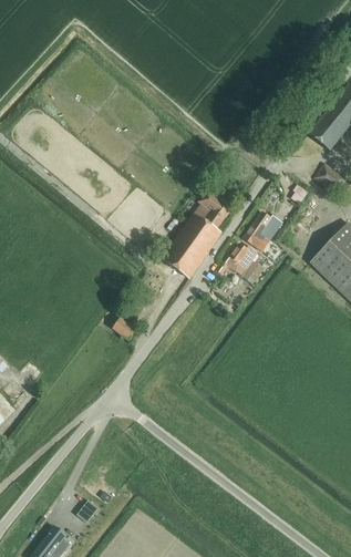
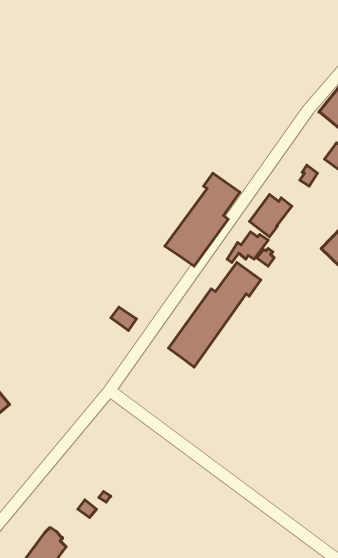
building: none -> [169,262,261,367]

